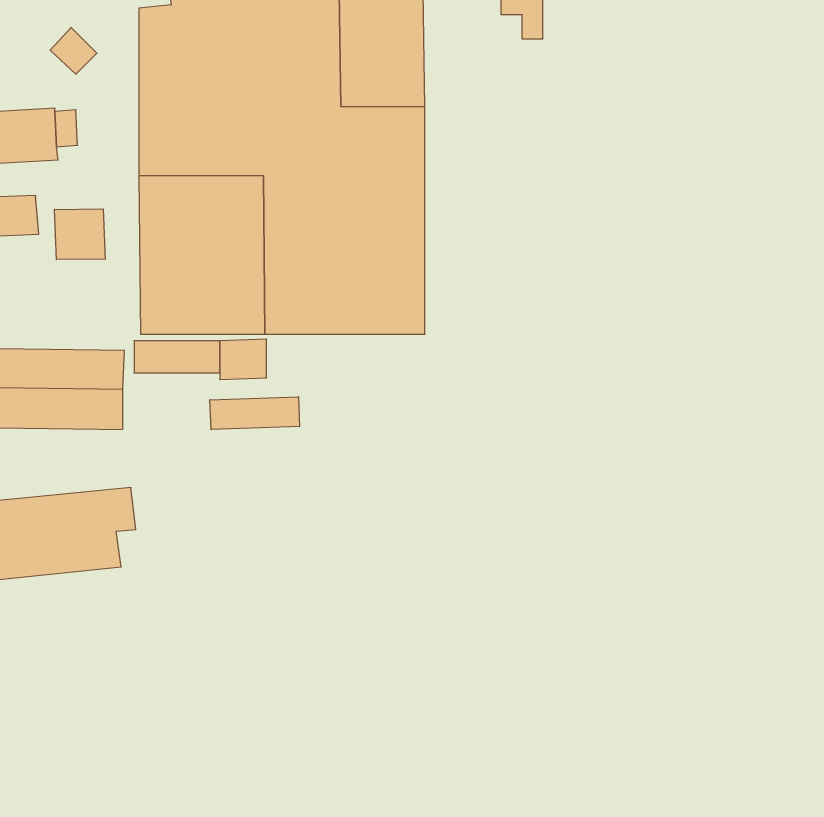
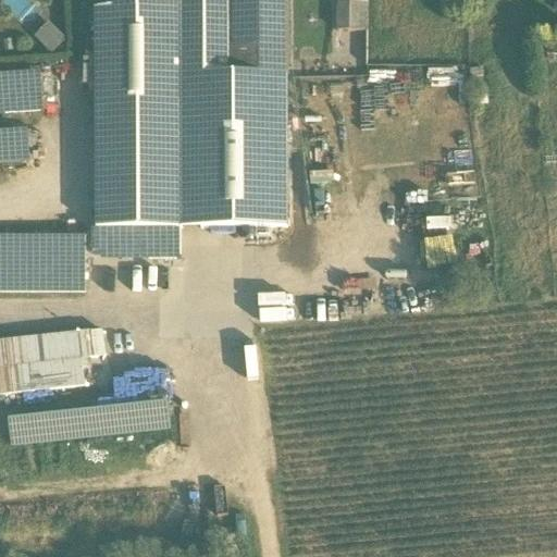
building: [54,209,105,260] -> none
building: [210,397,299,430] -> none
building: none -> [9,404,170,444]

